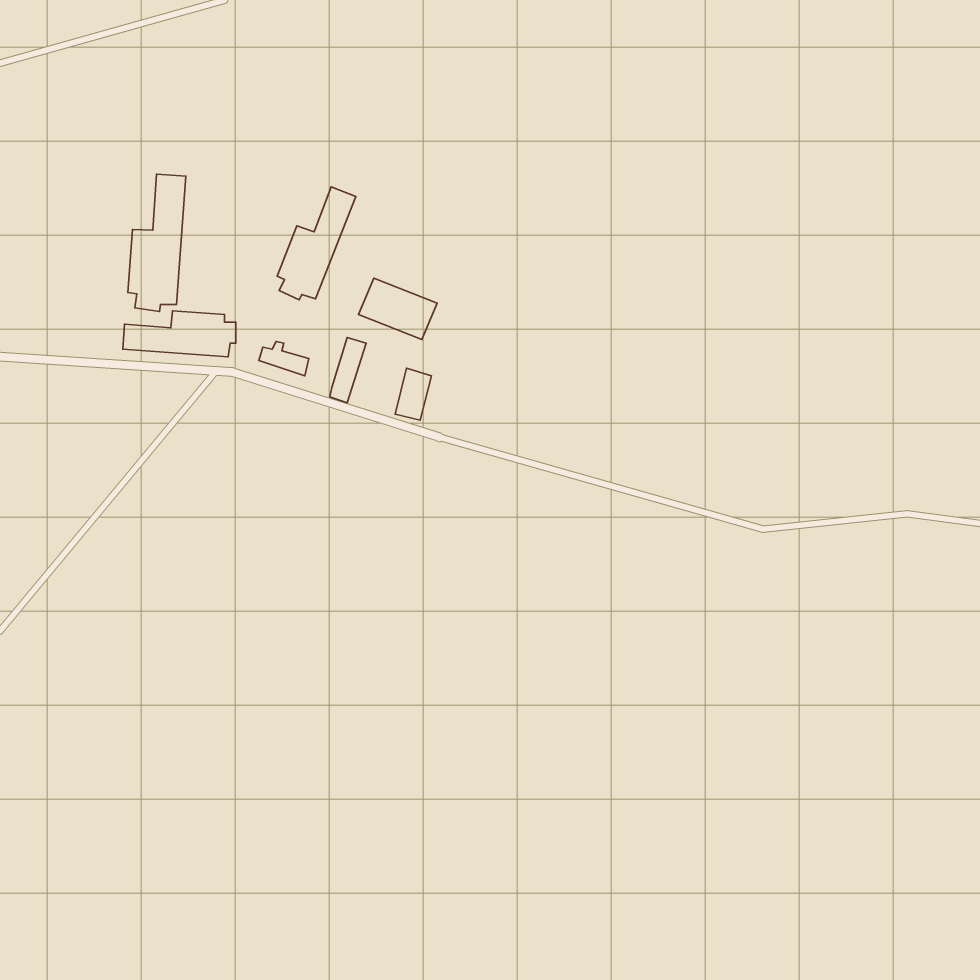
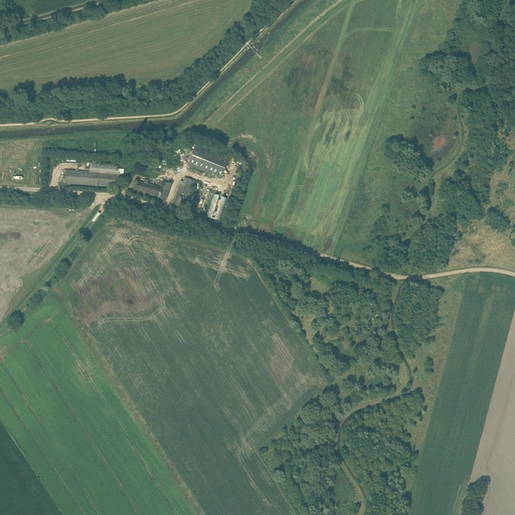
building: [128,174,186,311] -> none
building: [277,187,356,300] -> none

